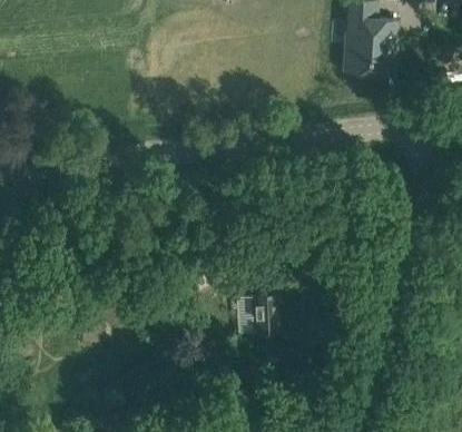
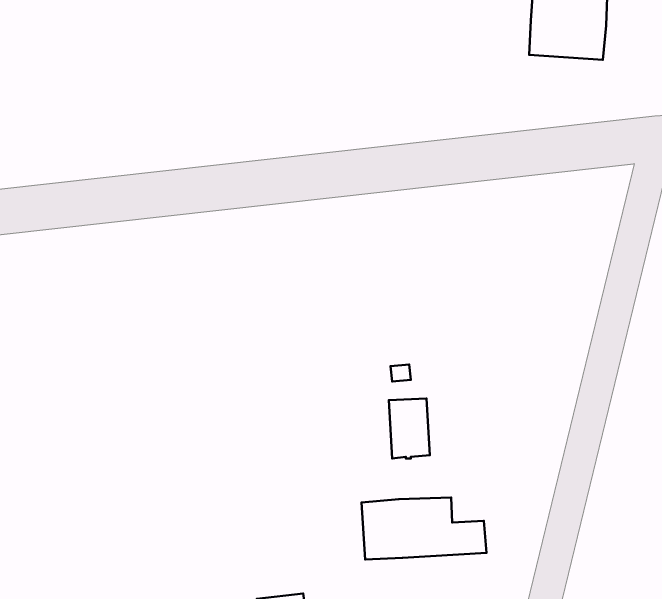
building: none -> [362,497,486,559]

